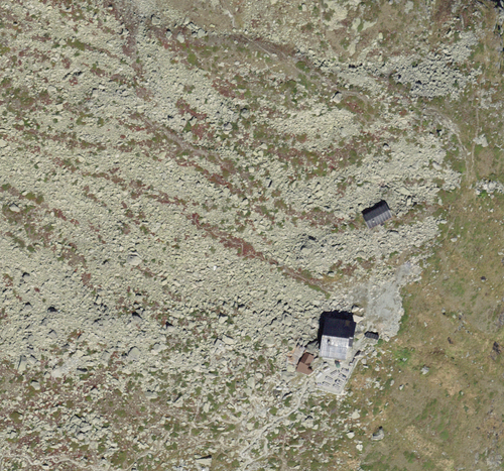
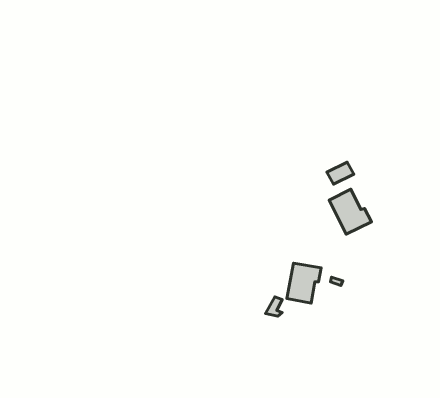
building: none -> [329,189,371,234]

